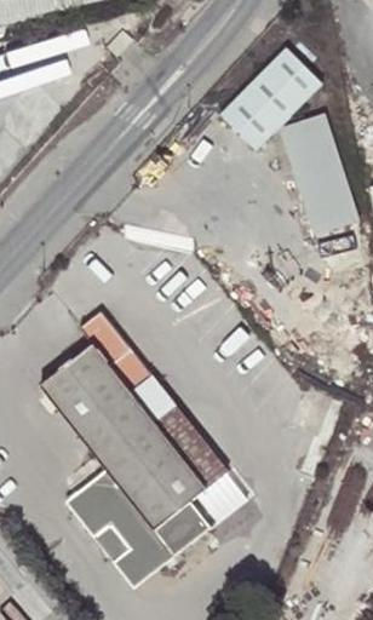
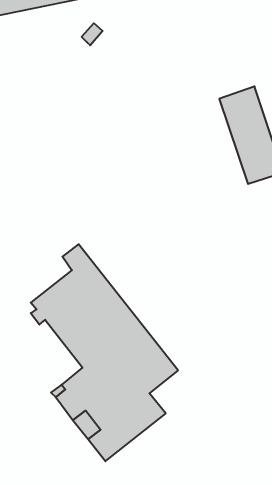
building: [217,46,317,149] -> none

